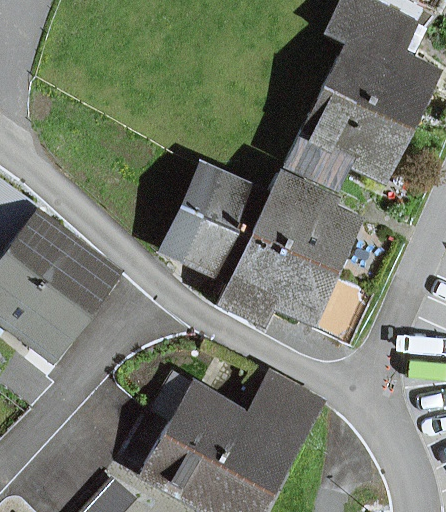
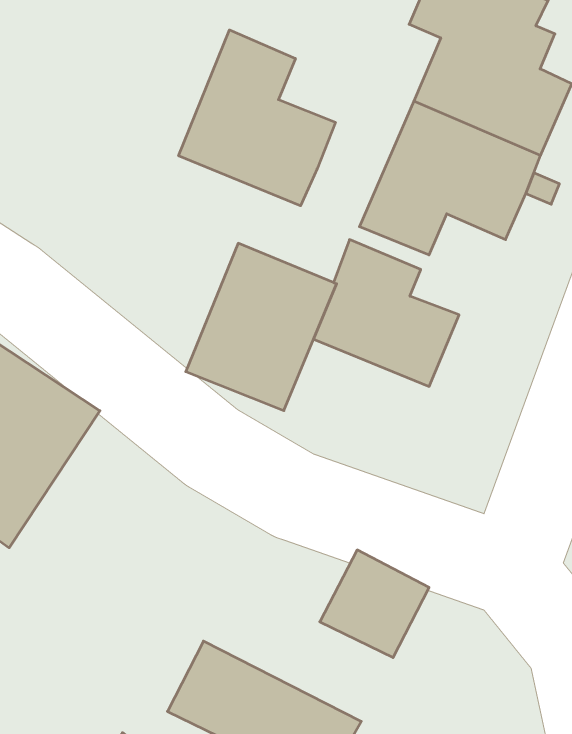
building: none -> [179,30,335,206]
building: [219,236,326,327] -> none
building: [155,377,292,485] -> none

